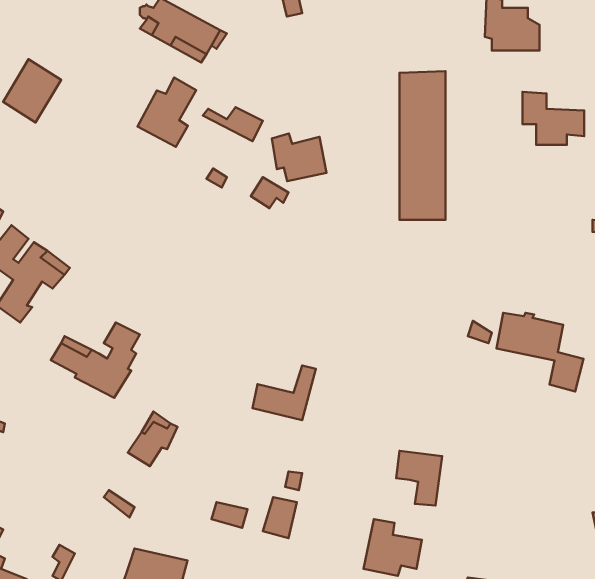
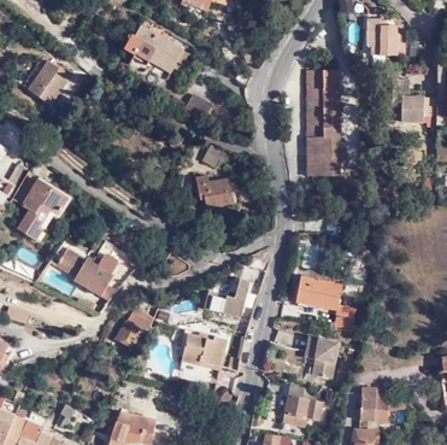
building: [137,77,196,147] -> none
building: [272,133,326,181] -> [194,175,233,209]
building: [496,313,584,391] -> [294,277,355,333]
building: none -> [178,329,225,361]
building: none -> [361,387,408,422]

